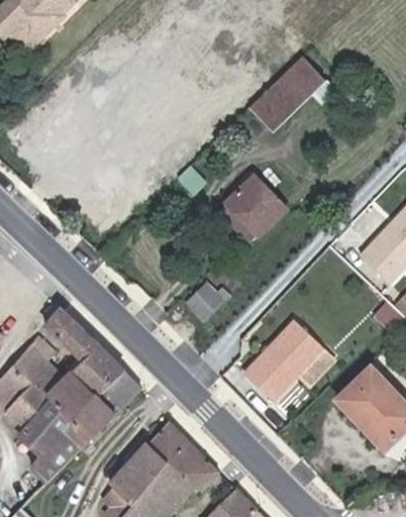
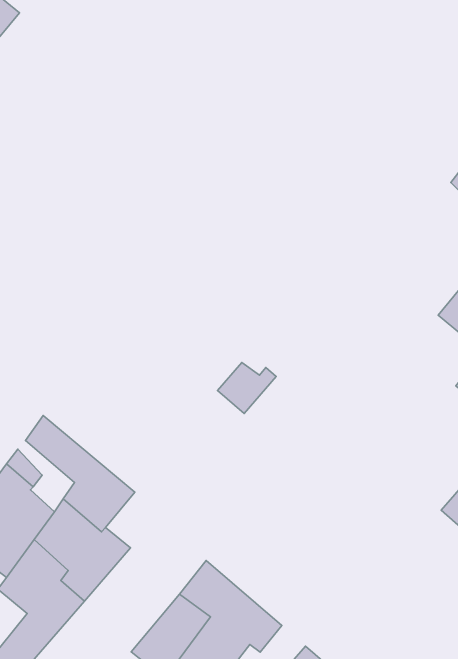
building: [251,58,323,129] -> none
building: [230,172,289,240] -> none
building: [237,322,320,404] -> none
building: [100,370,140,410] -> none

